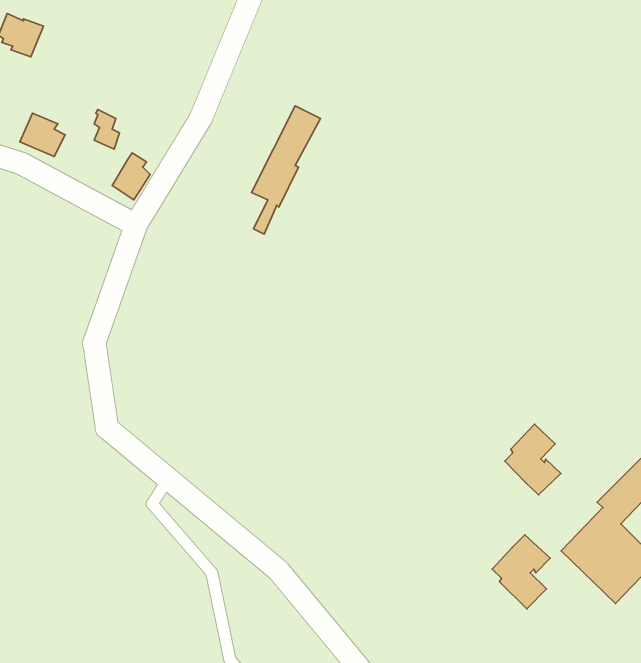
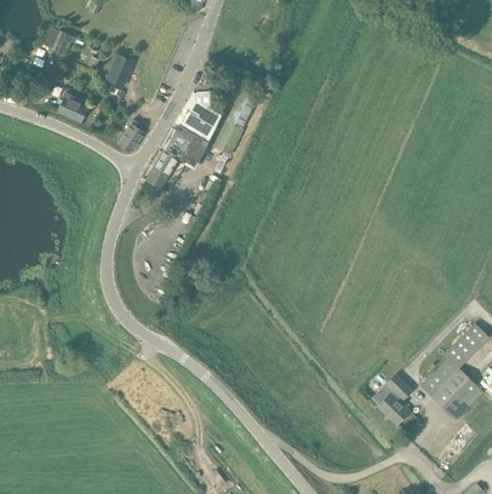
building: none -> [105,52,135,86]
building: none -> [145,90,221,186]
building: [505,424,561,495] -> none

